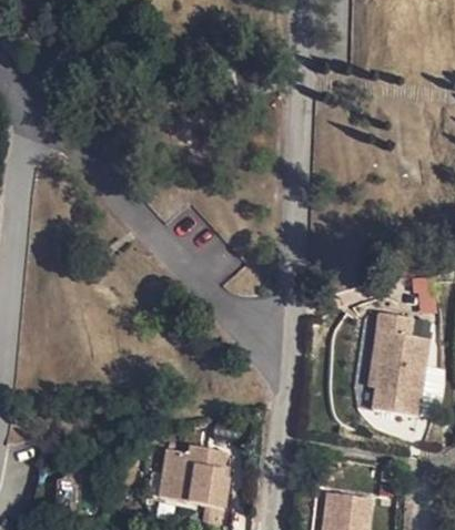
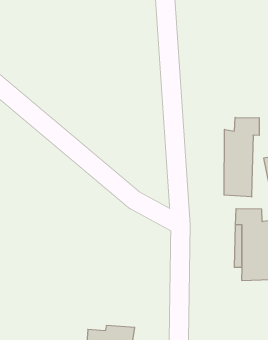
building: none -> [224,117,259,197]

